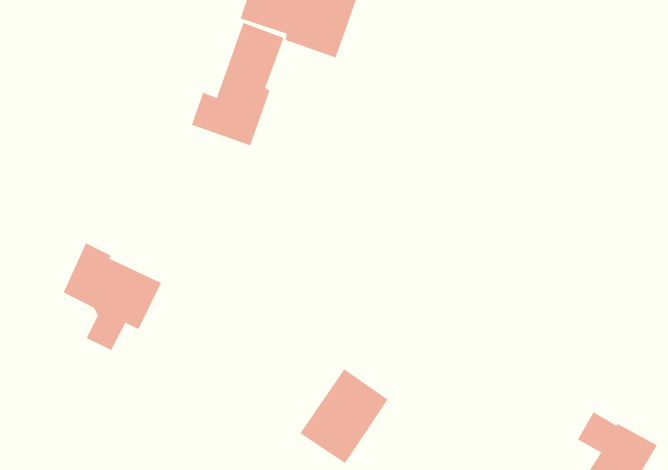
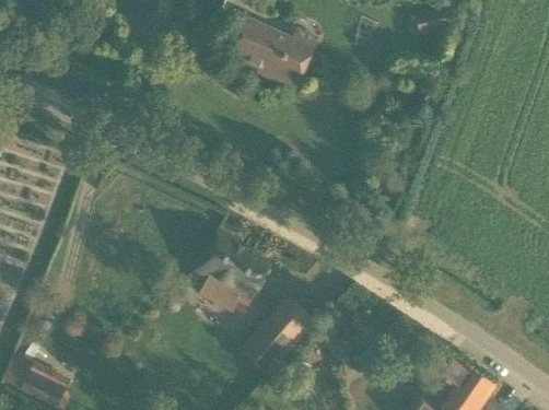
building: [191,22,284,146] -> none
building: [63,243,162,351] -> [200,236,271,315]

